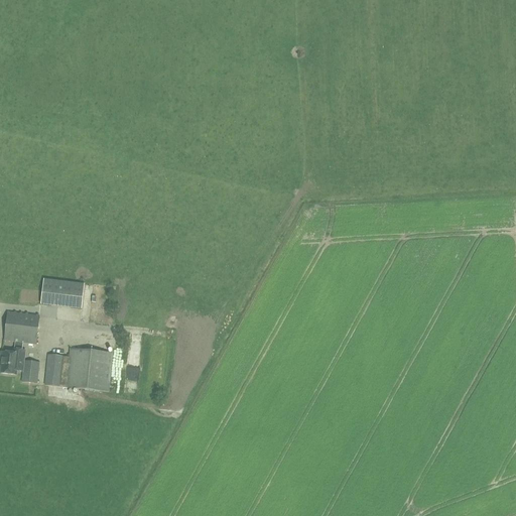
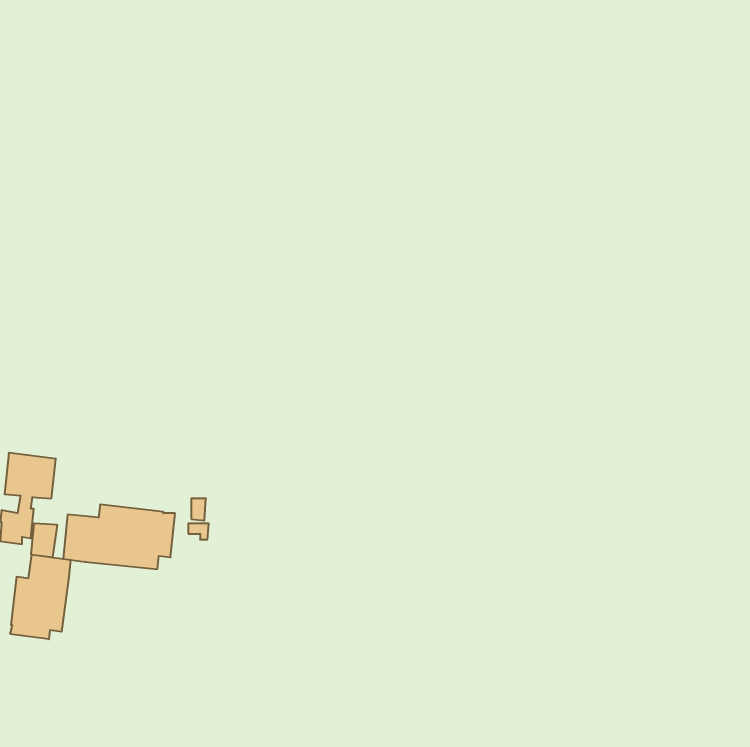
building: [40,277,84,307] -> none
building: none -> [10,555,71,639]

